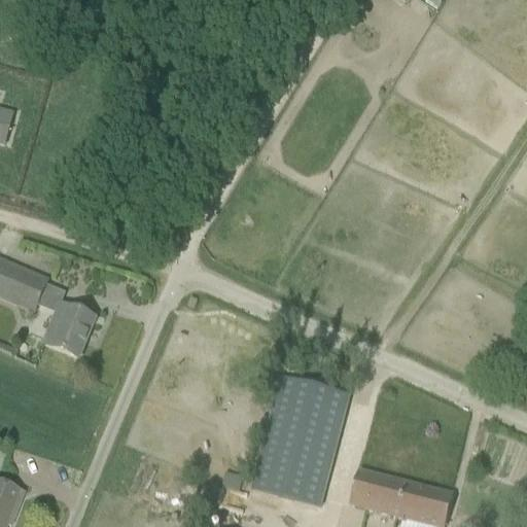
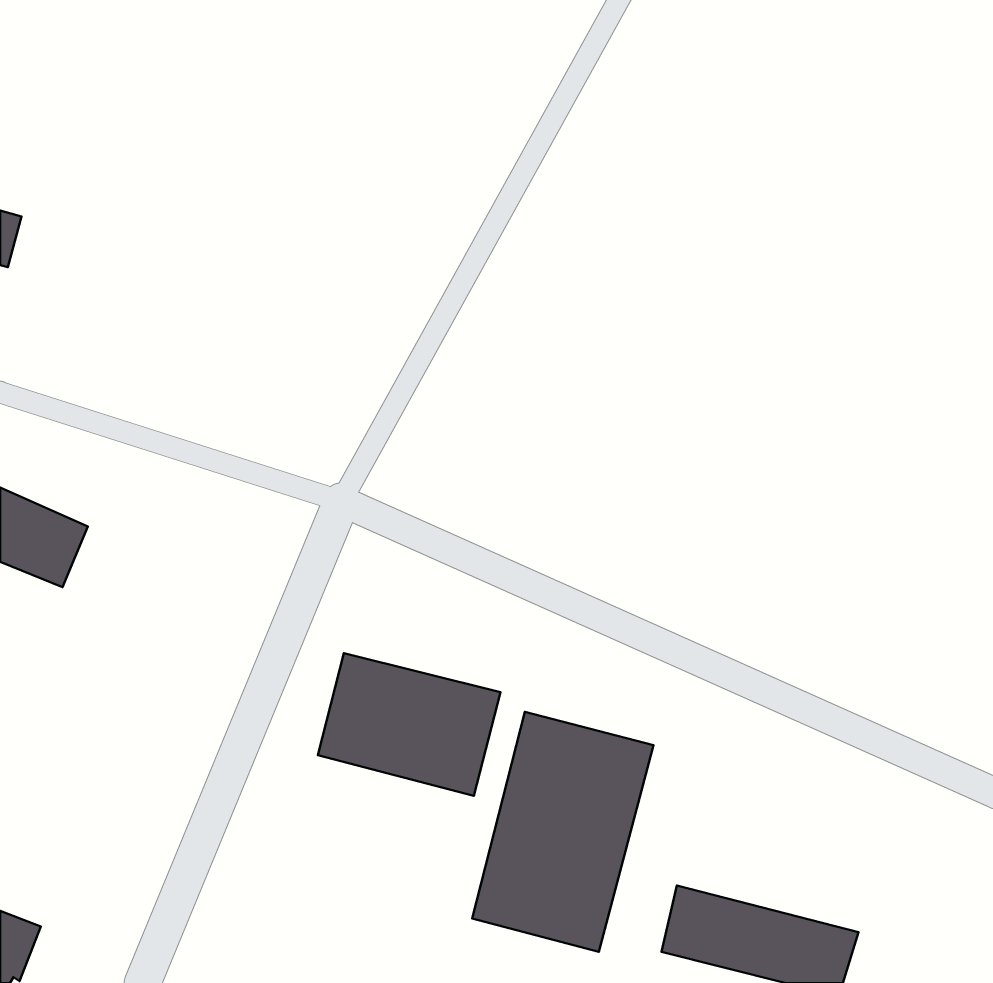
building: [45,301,96,355] -> none
building: none -> [318,653,500,796]

